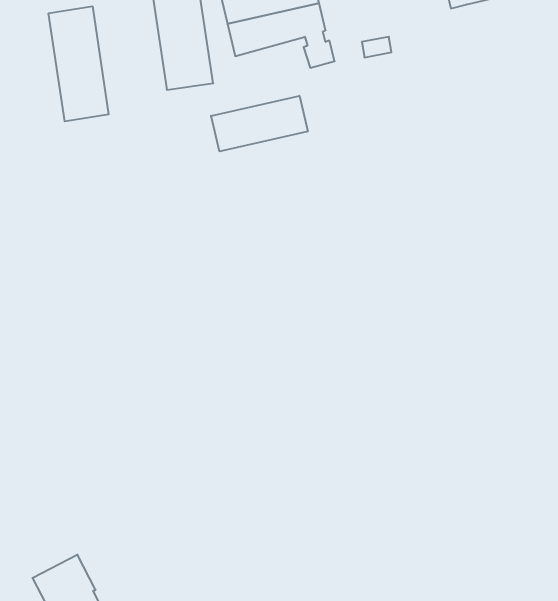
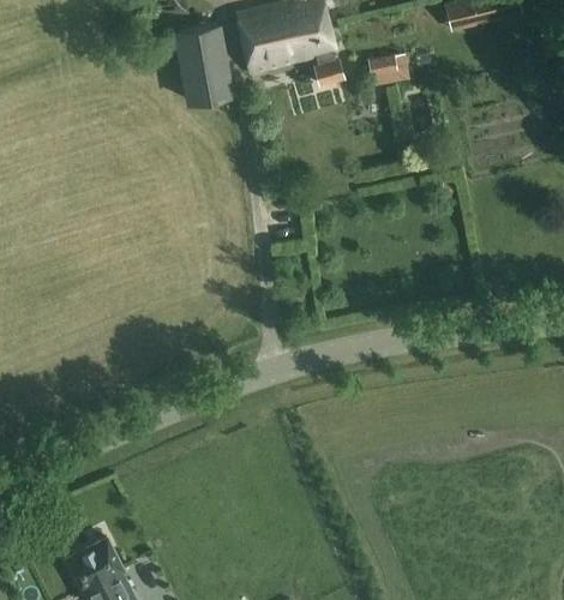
building: [49,6,109,121] -> none
building: [211,96,308,151] -> none

